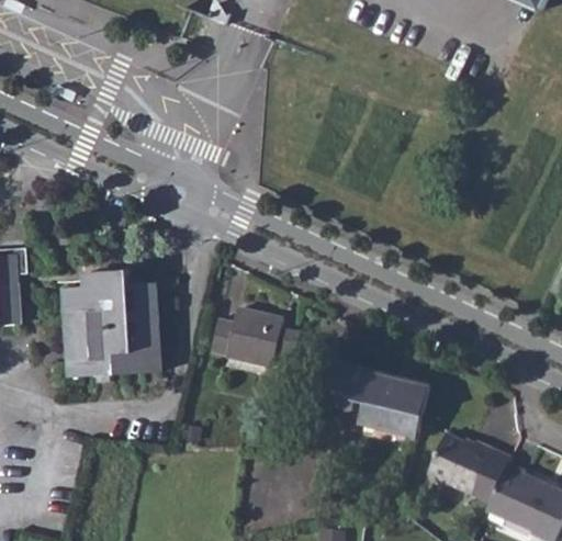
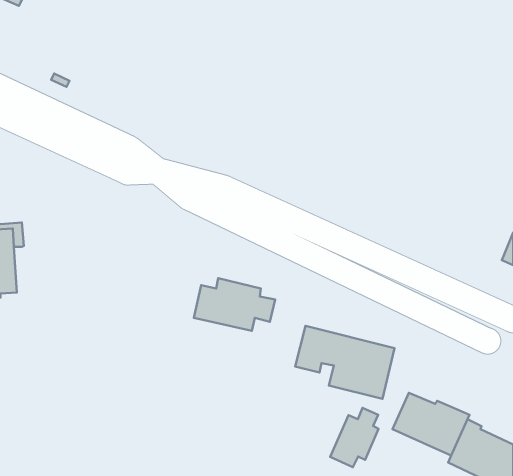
building: [67,269,157,379] -> none
building: none -> [330,408,378,467]

